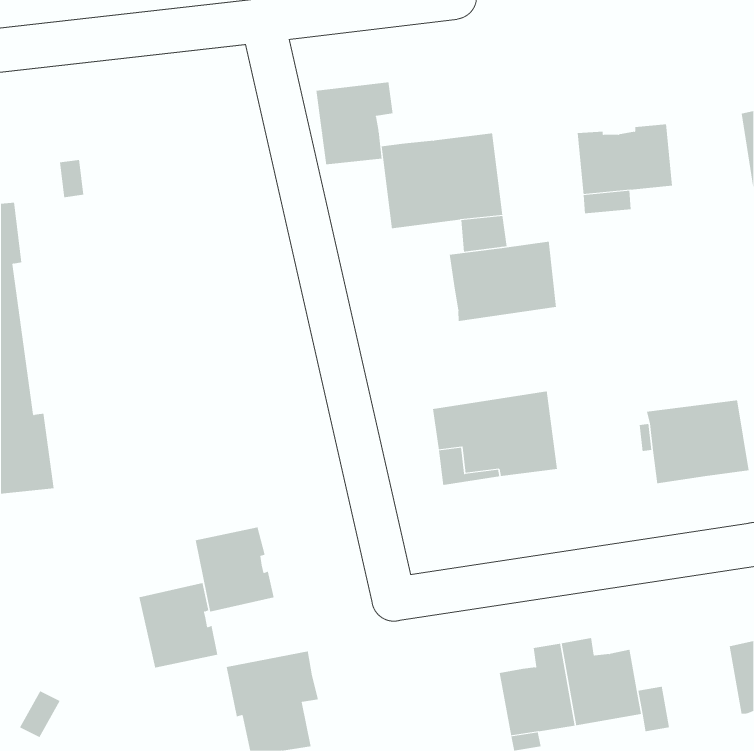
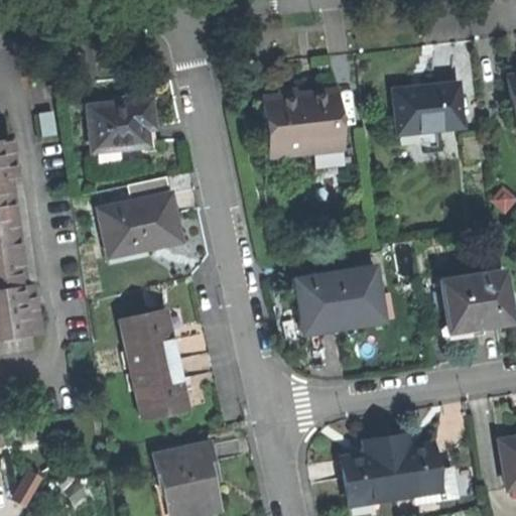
building: [316,82,393,165] -> none
building: none -> [88,98,153,148]
building: [449,241,556,322] -> none
building: none -> [100,191,182,255]
building: [138,583,218,668] -> [122,310,176,369]

